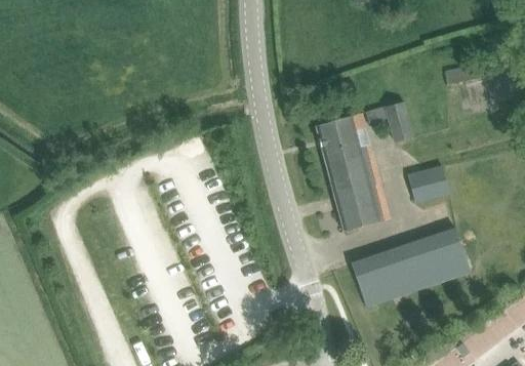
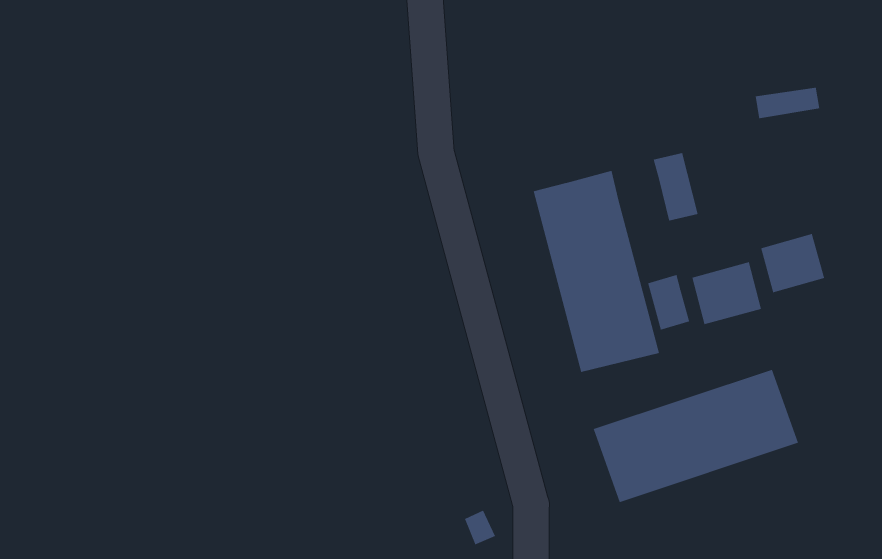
building: none -> [761,233,825,293]
building: none -> [648,274,690,330]

